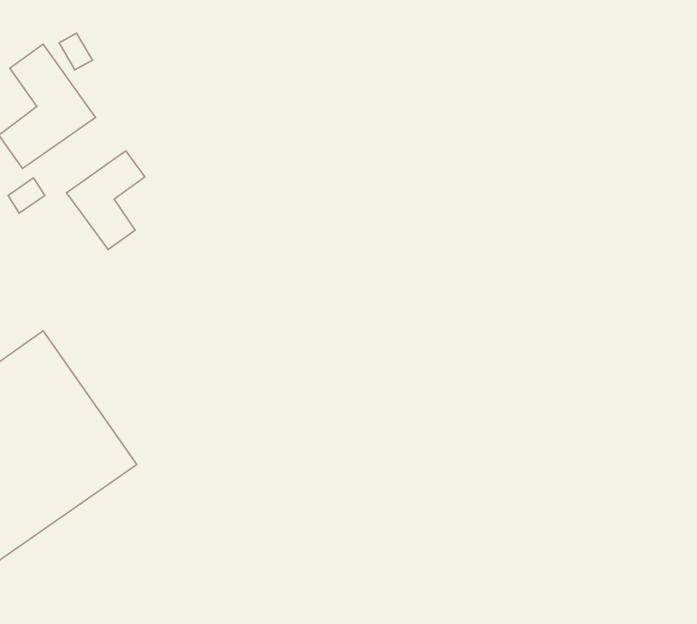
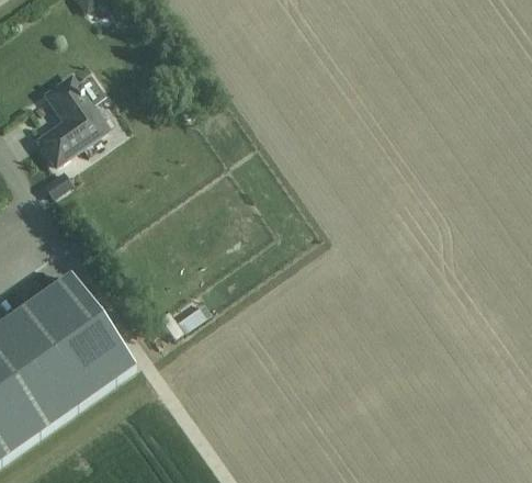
building: [67,151,145,249] -> none

